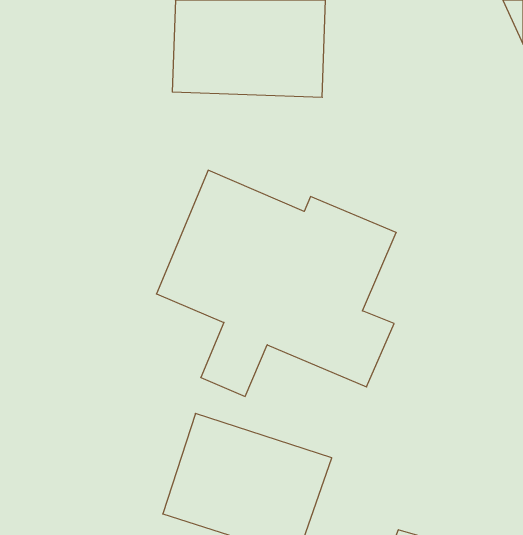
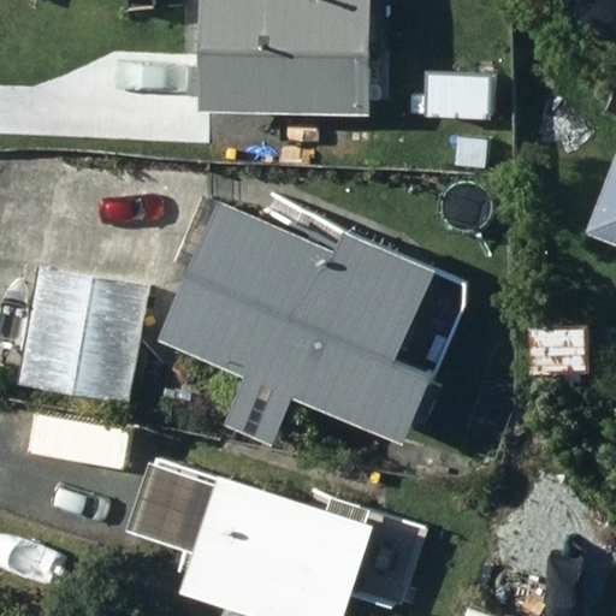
building: none -> [13,267,165,416]

